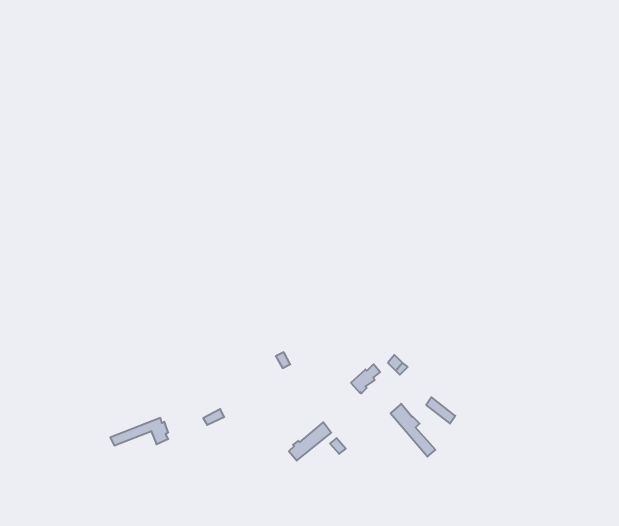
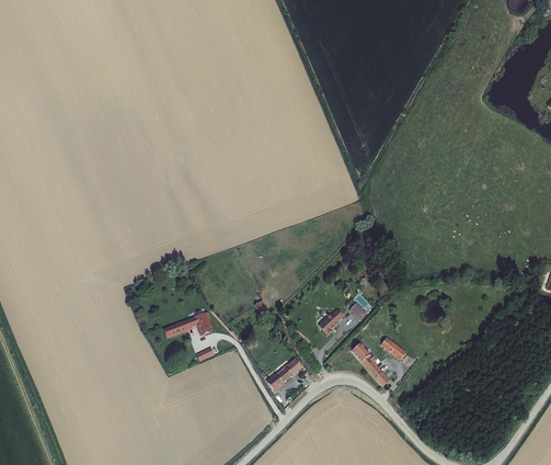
building: [110,418,168,446] -> [164,314,213,337]

